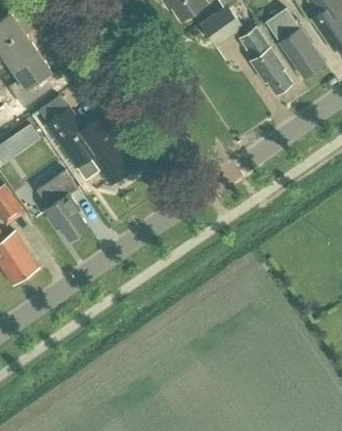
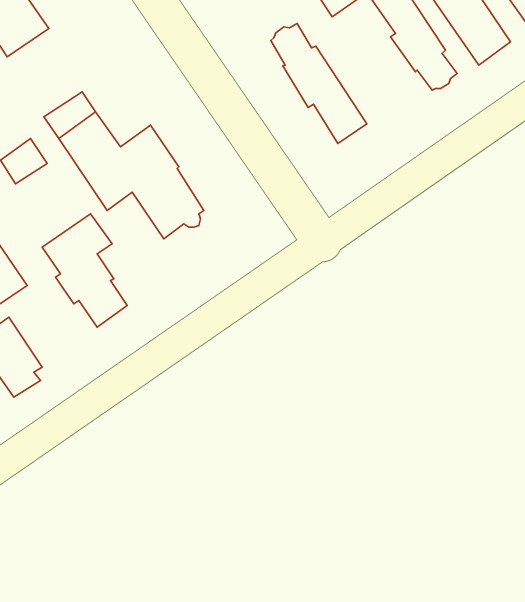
building: none -> [271,23,367,143]
building: [14,55,51,103] -> none

